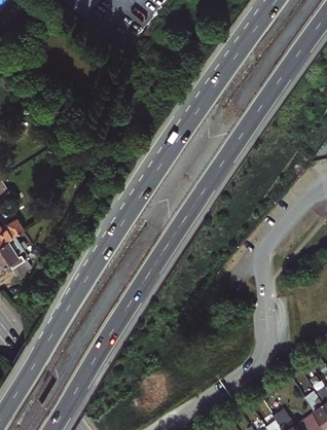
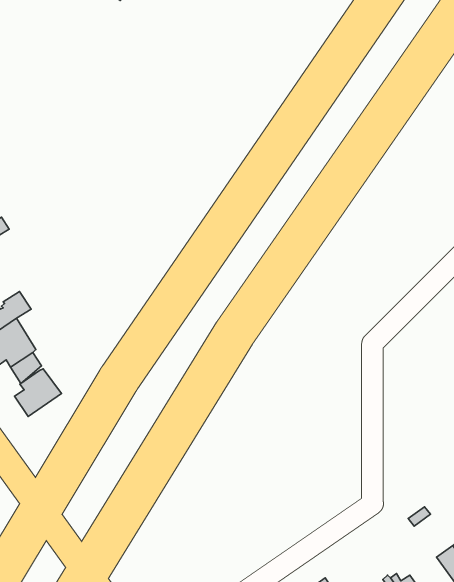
building: none -> [15,369,62,416]

